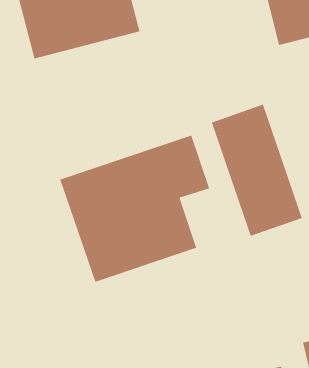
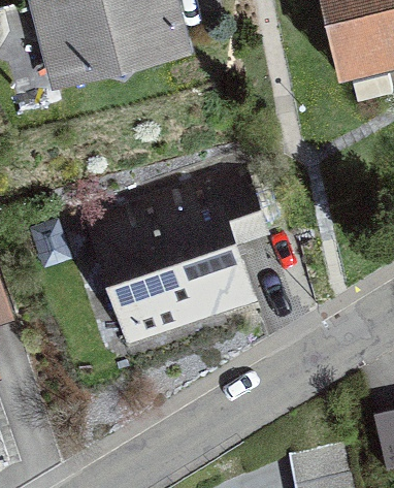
building: [211,104,303,237] -> none

